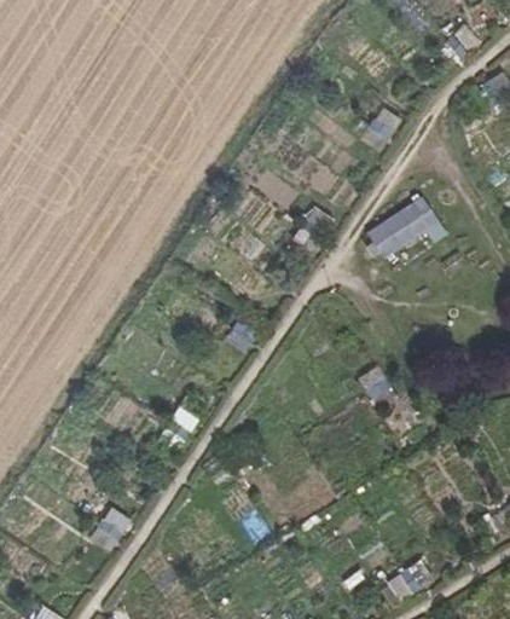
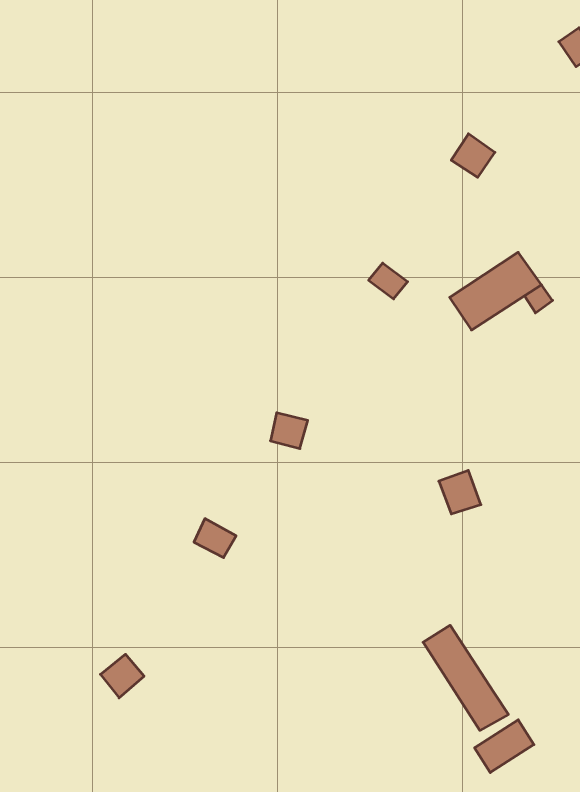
building: none -> [423,625,508,730]

